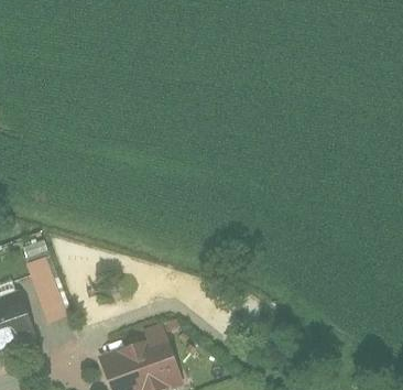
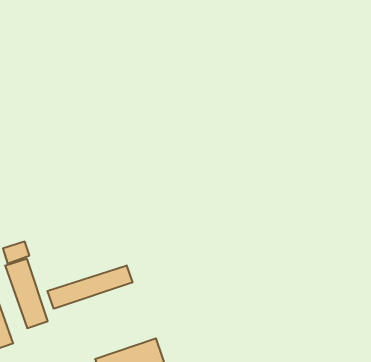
building: none -> [47,265,132,309]

